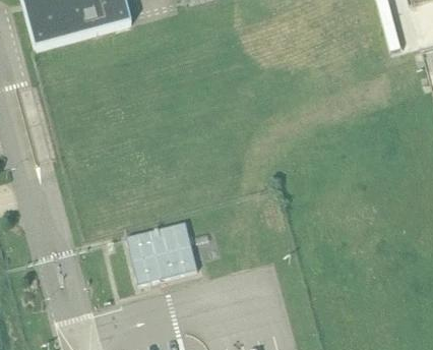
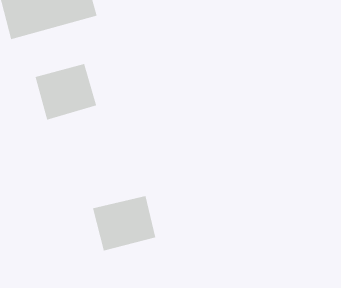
building: none -> [35,63,97,120]

